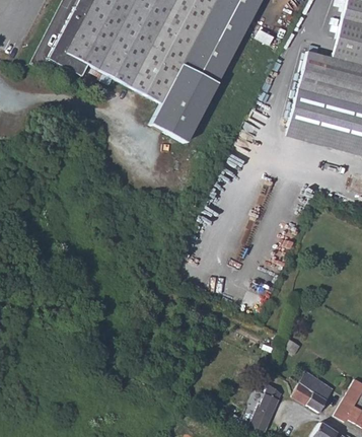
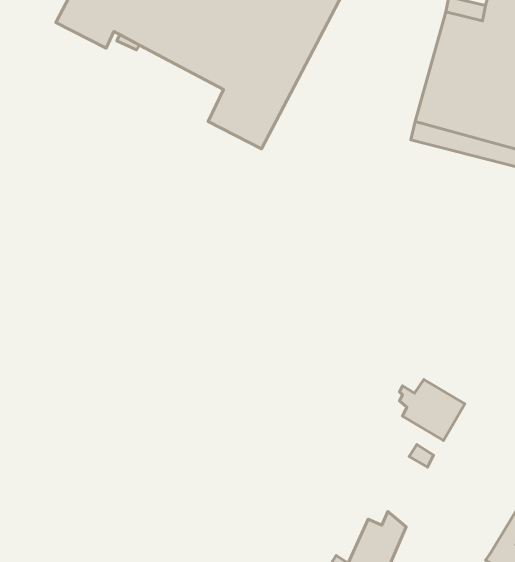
building: [291,371,335,412] -> [399,380,465,441]

